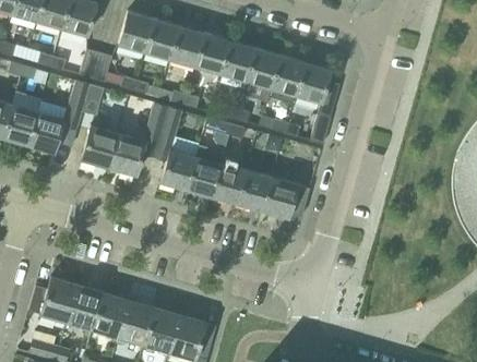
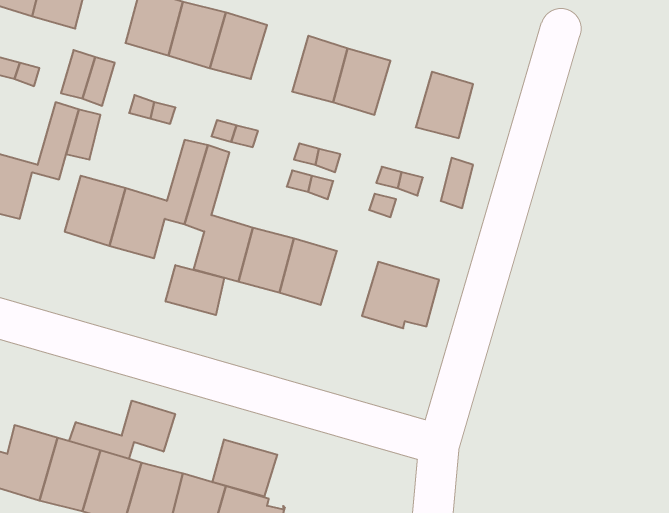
building: [195,35,230,75] -> none
building: [269,57,306,105] -> none
building: [238,172,273,212] -> none
building: none -> [166,265,224,315]
building: none -> [69,401,175,459]
building: none -> [212,439,277,497]

